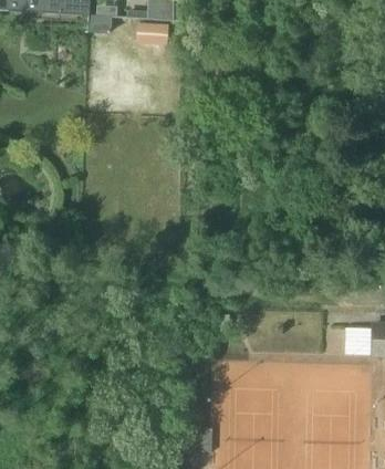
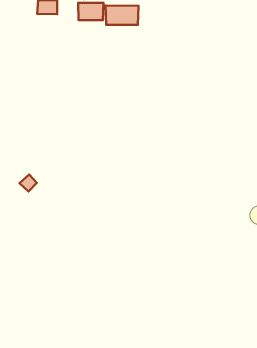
building: none -> [105,6,138,25]

